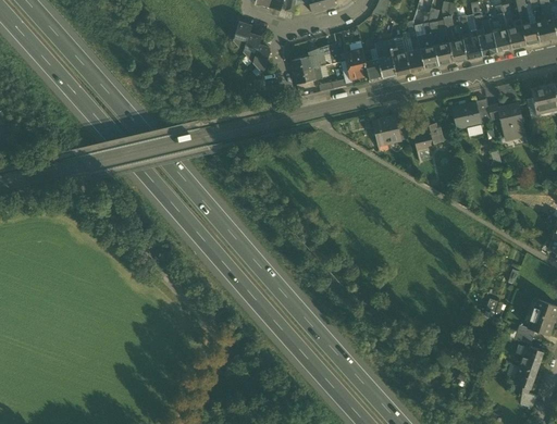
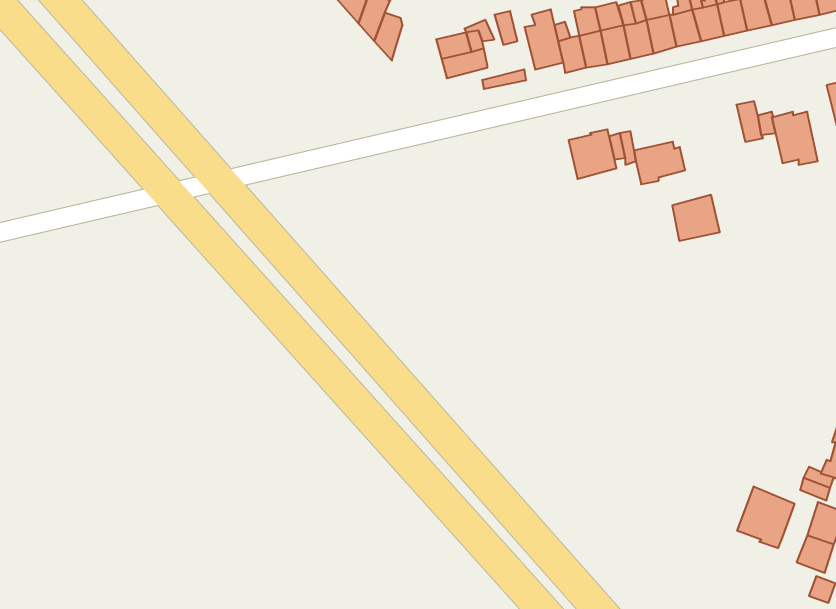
building: [451,100,481,128] -> [672,195,720,241]
building: none -> [737,486,794,548]

